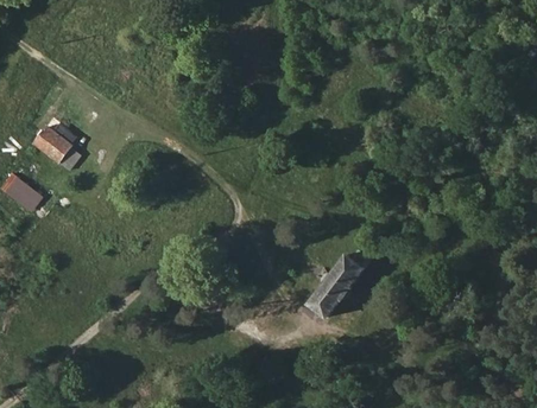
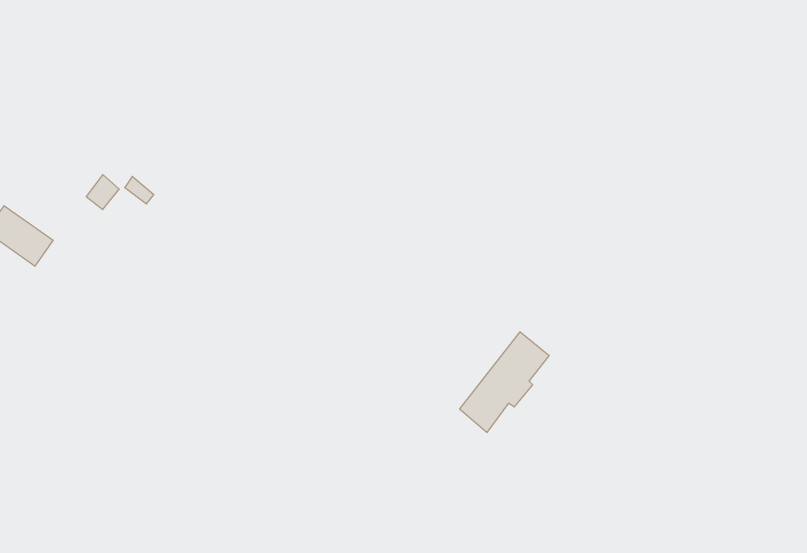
building: [32,125,72,162] -> none

